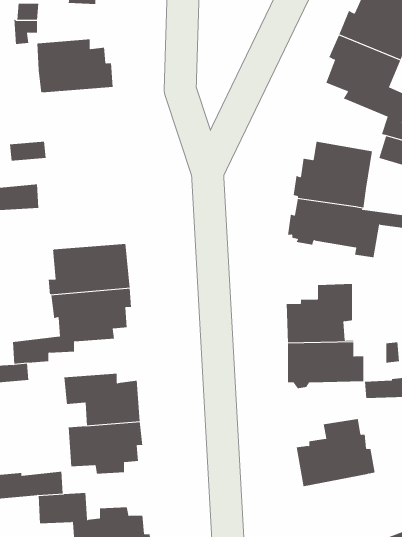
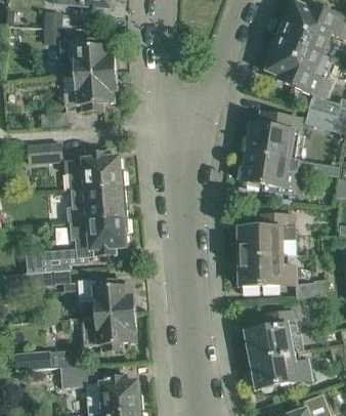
building: none -> [63,73,117,112]
building: none -> [64,151,124,190]
building: none -> [251,351,310,391]

